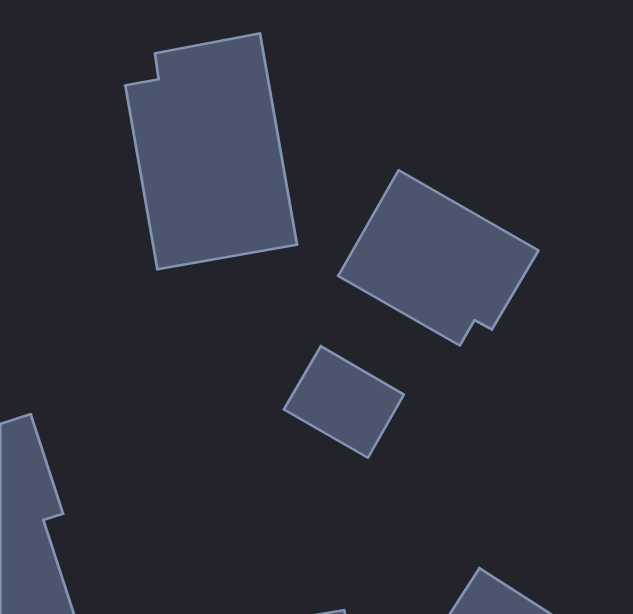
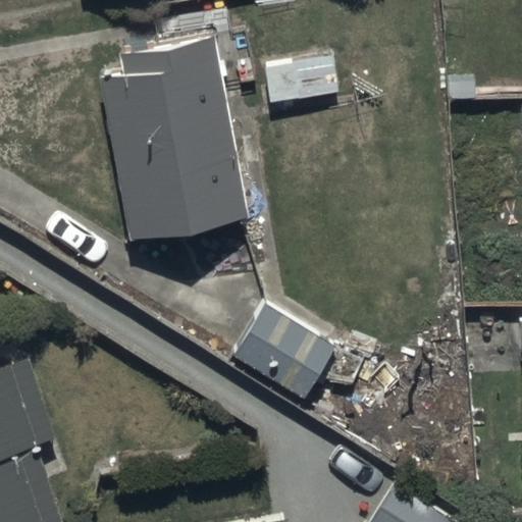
building: [338,170,538,345] -> none

